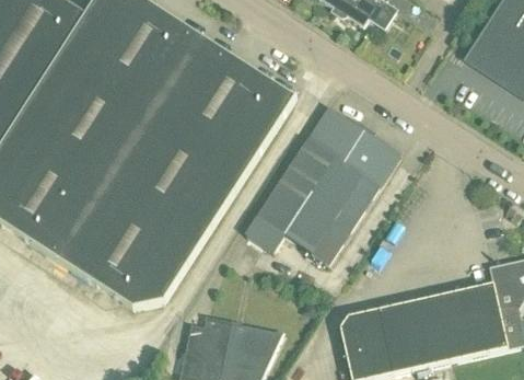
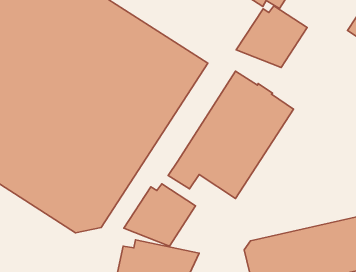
building: none -> [236,6,307,68]
building: none -> [124,184,196,246]

